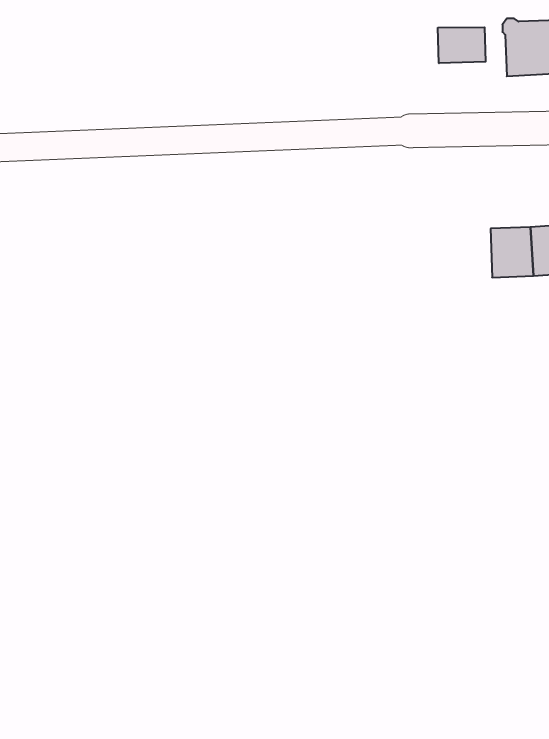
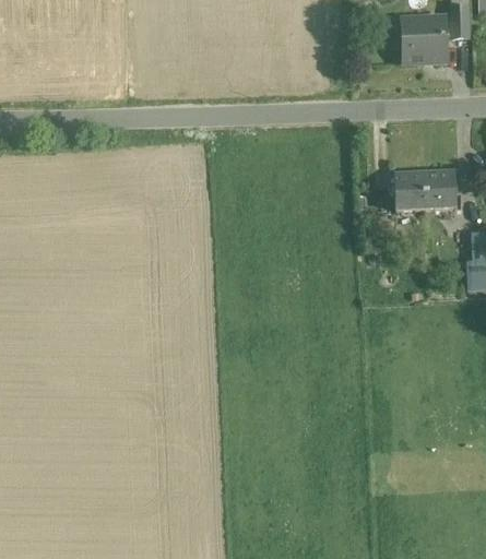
building: [438,27,486,63] -> none

